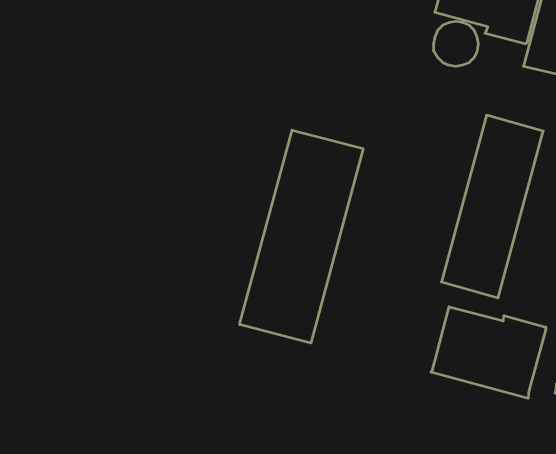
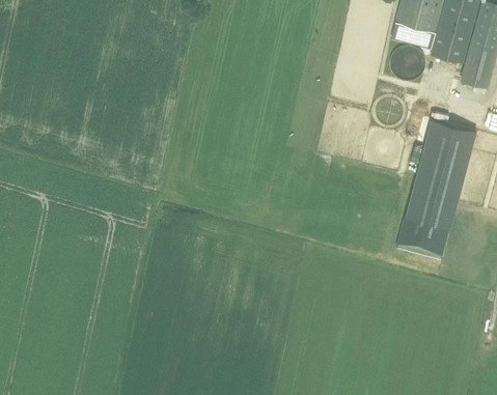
building: [240,130,363,343] -> none
building: [431,307,546,398] -> none

